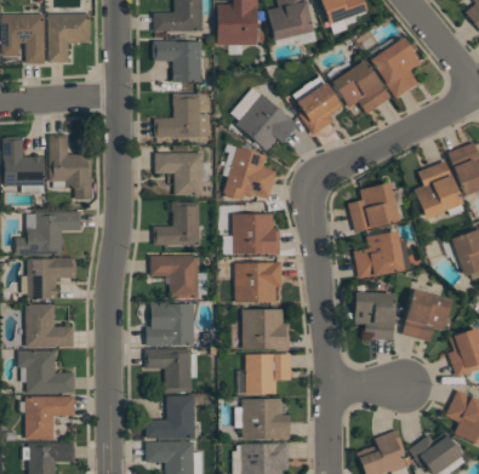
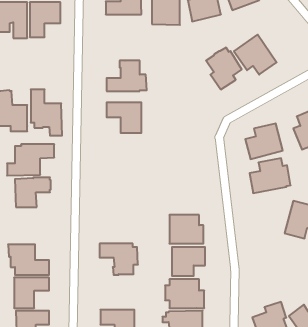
building: [370,36,421,98] -> none
building: [152,40,201,81] -> none
building: [230,87,297,150] -> none
building: [223,147,276,200] -> none
building: [153,201,199,245] -> none
building: [232,215,279,255] -> none
building: [150,255,198,298] -> none
building: [234,263,281,303] -> none
building: [353,292,394,339] -> none
building: [25,303,74,347] -> none
building: [146,303,194,345] -> none
building: [146,395,194,439] -> none

